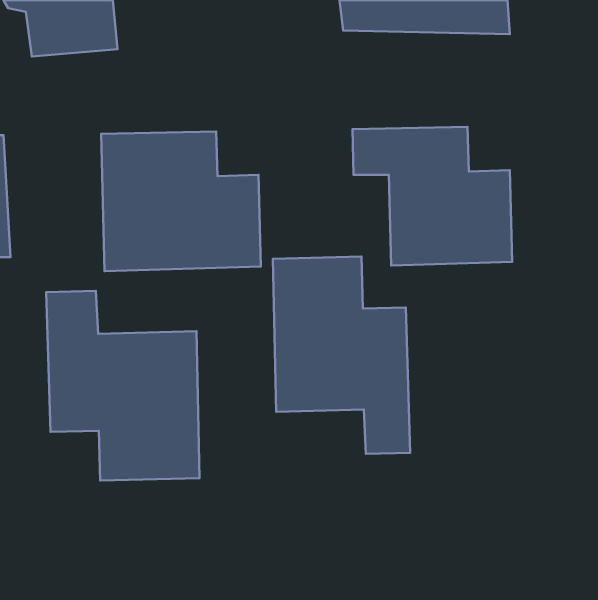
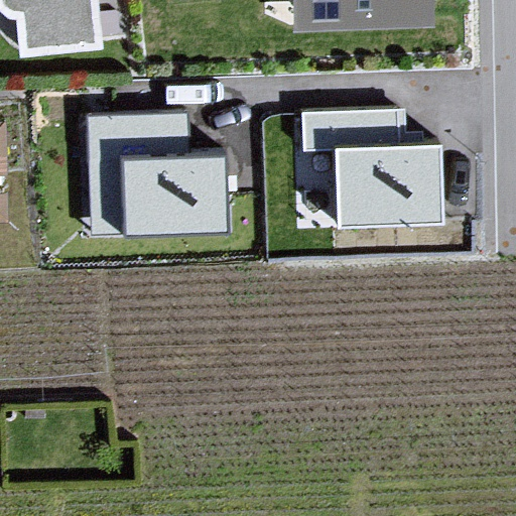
building: [273,256,410,454] -> none
building: [46,291,200,481] -> none

